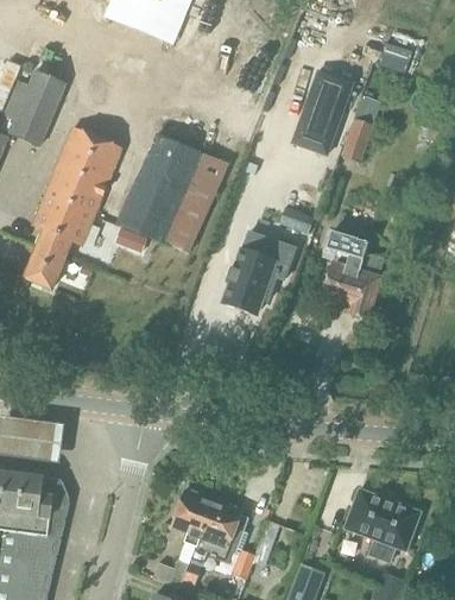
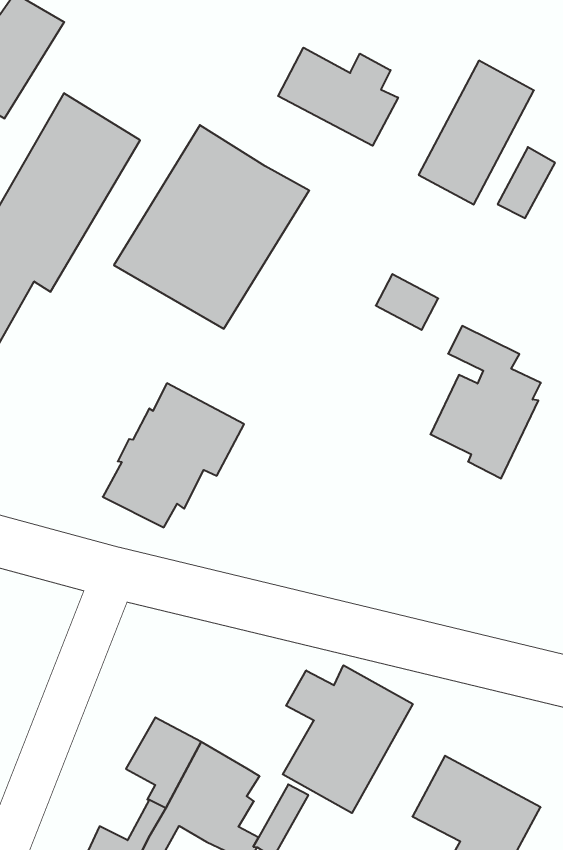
building: none -> [278,48,398,146]
building: [220,230,298,317] -> [103,383,244,527]
building: none -> [283,665,413,813]

